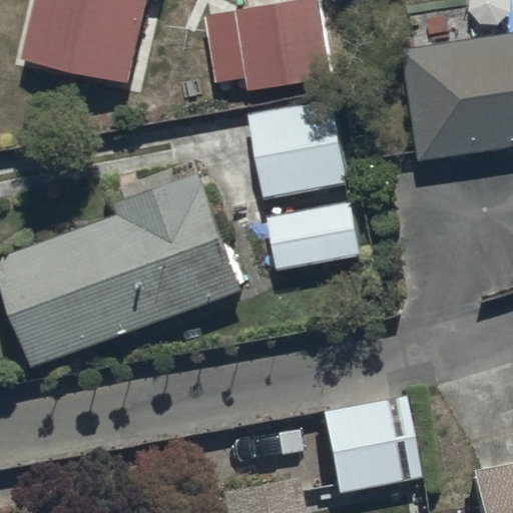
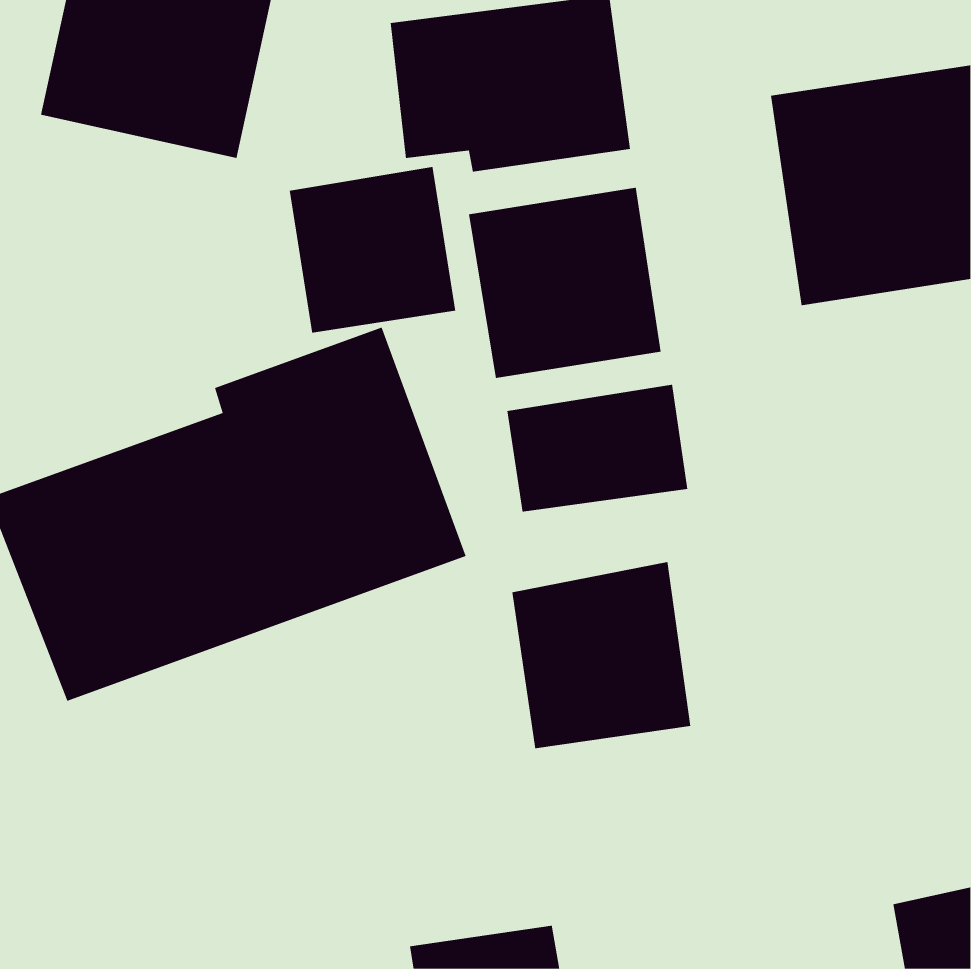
building: none -> [289,166,456,333]
building: [319,395,413,493] -> [512,562,691,749]

